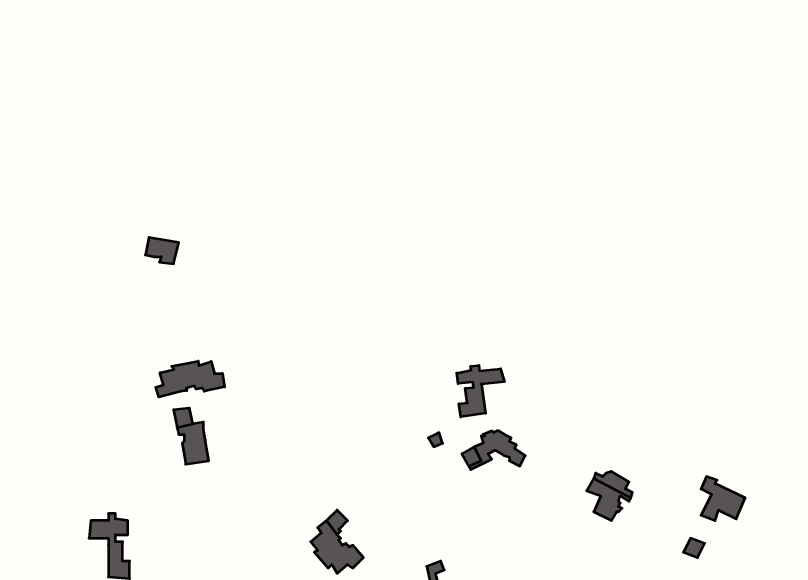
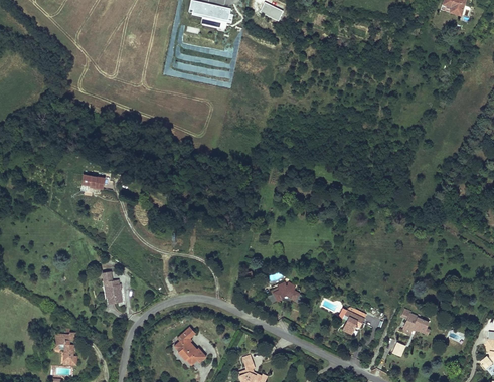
building: [156,361,225,397] -> none
building: [457,365,504,417] -> none

